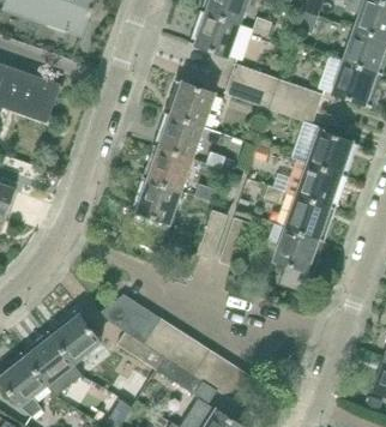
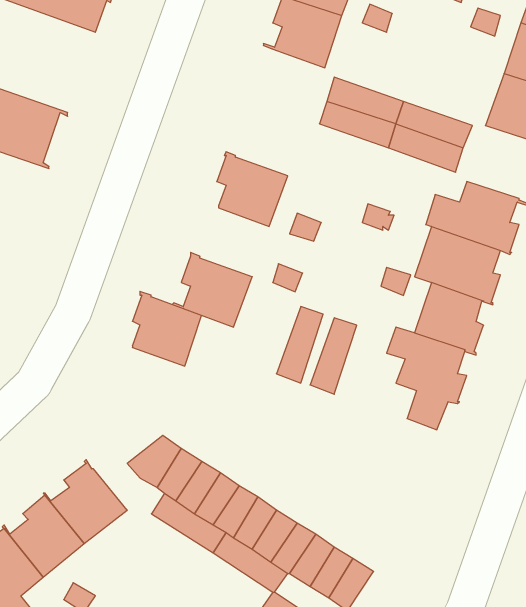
building: [170,80,215,127] -> none
building: [147,144,192,192] -> [132,291,201,366]

